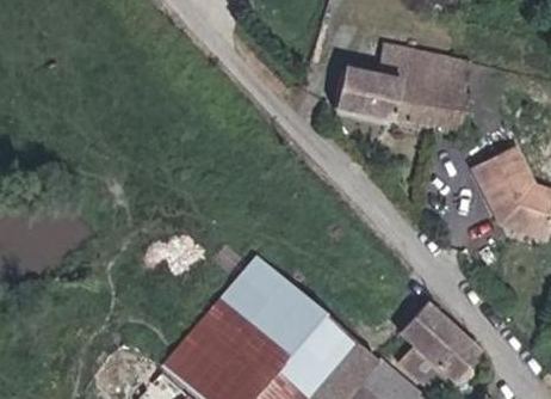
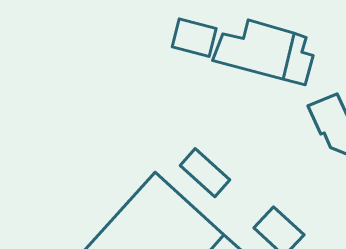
building: none -> [172,19,216,57]
building: none -> [180,148,230,197]

